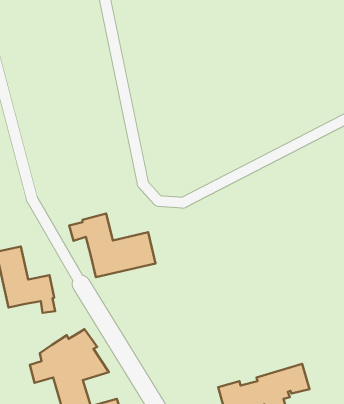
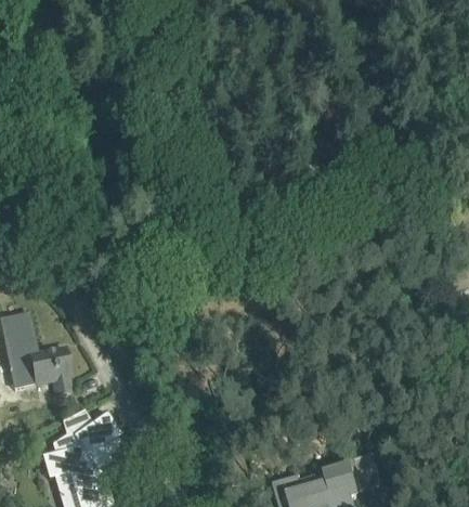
building: [69,214,155,277] -> none

